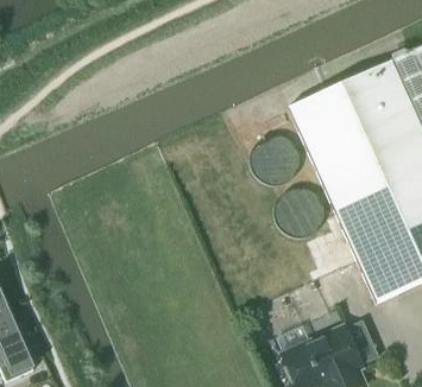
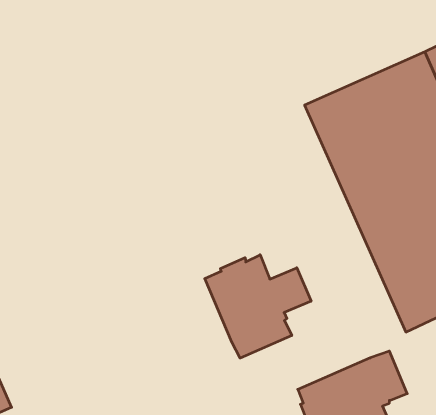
building: none -> [205,255,311,358]

